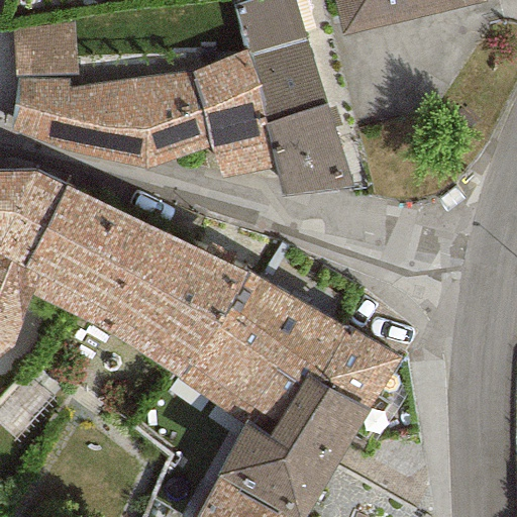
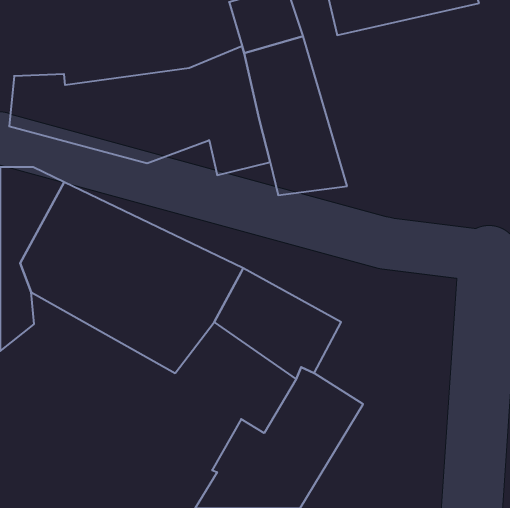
building: [12,20,76,77] -> none
building: [178,325,300,437] -> none
building: [318,325,401,408] -> none

